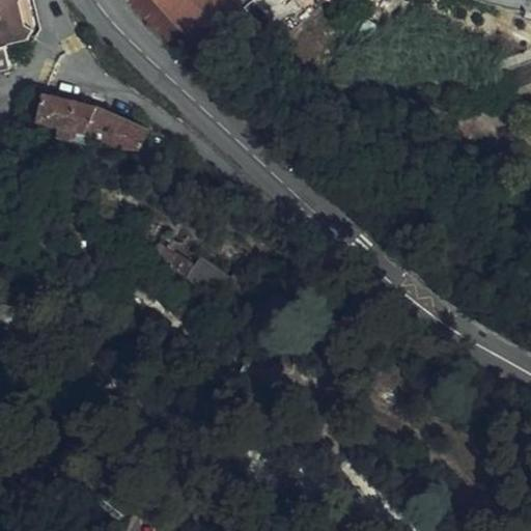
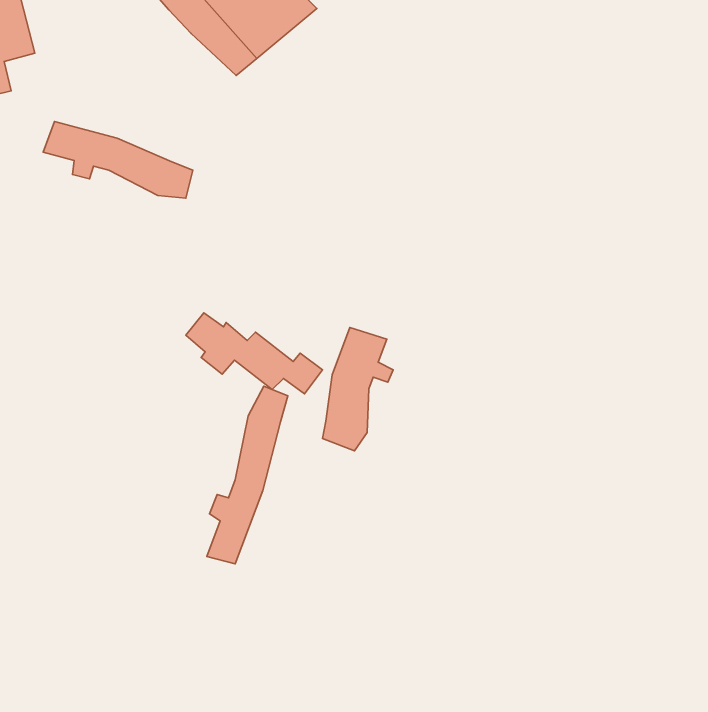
building: none -> [323,327,393,451]
building: none -> [207,386,288,564]

